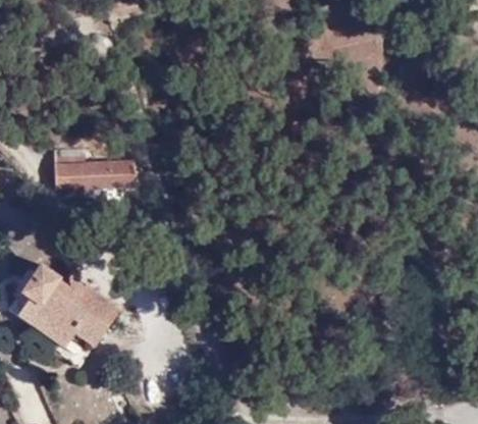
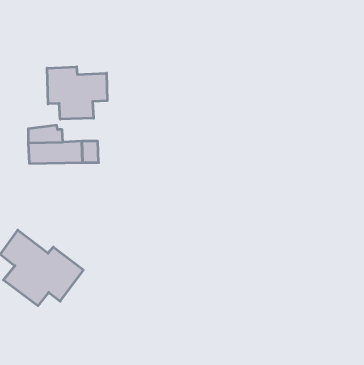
building: none -> [47,67,107,119]

